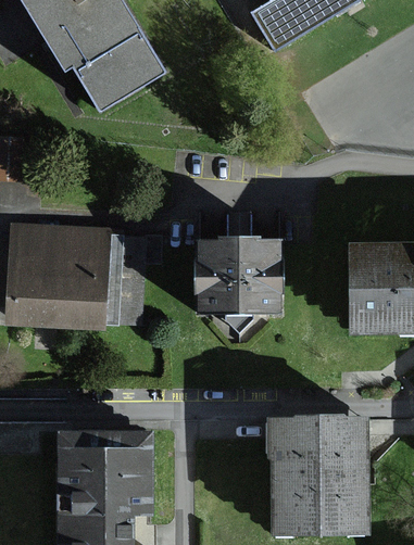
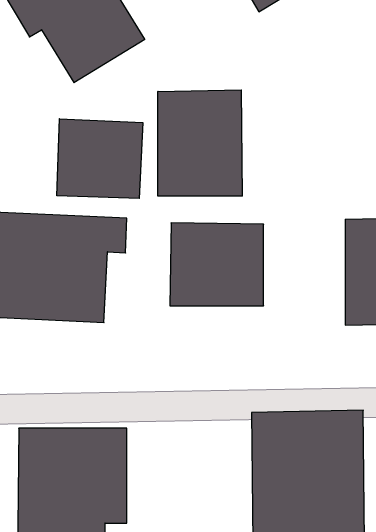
building: none -> [158,90,242,196]
building: none -> [57,119,143,198]

